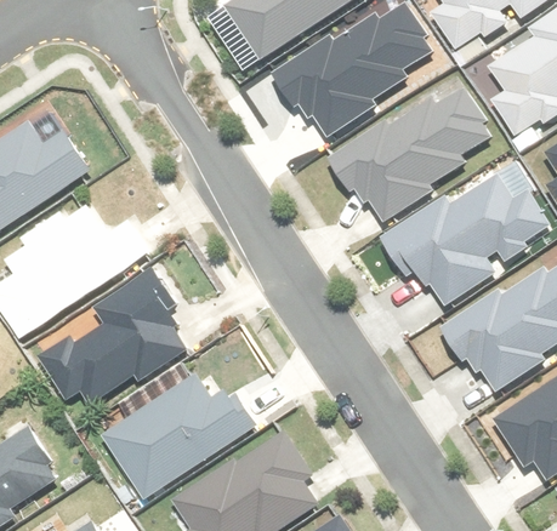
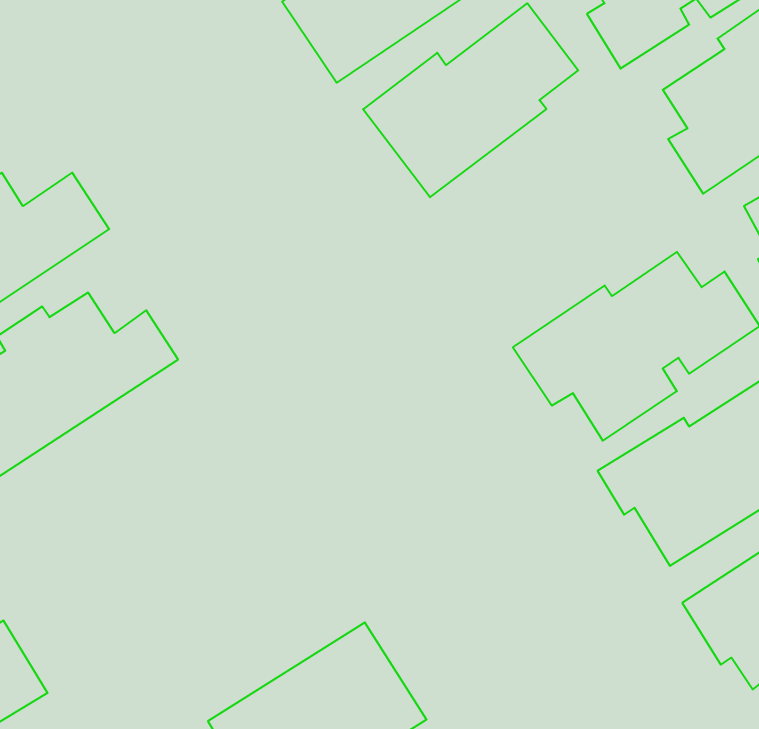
building: [333,87,490,224] -> none
building: [40,276,182,396] -> none
building: [104,377,255,498] -> none

